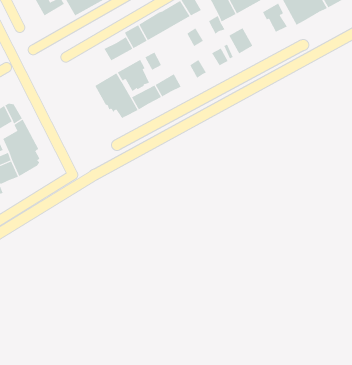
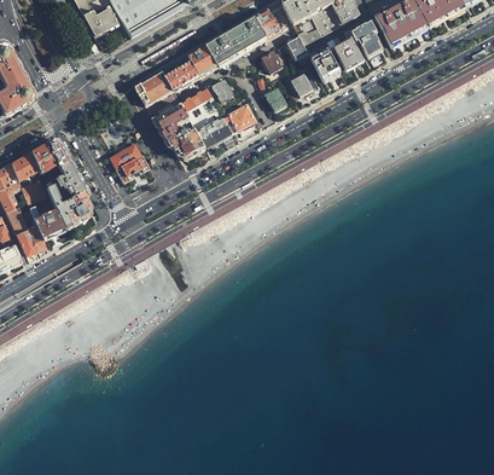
building: none -> [326,29,362,68]
building: none -> [135,70,173,105]
building: none -> [107,140,150,183]

